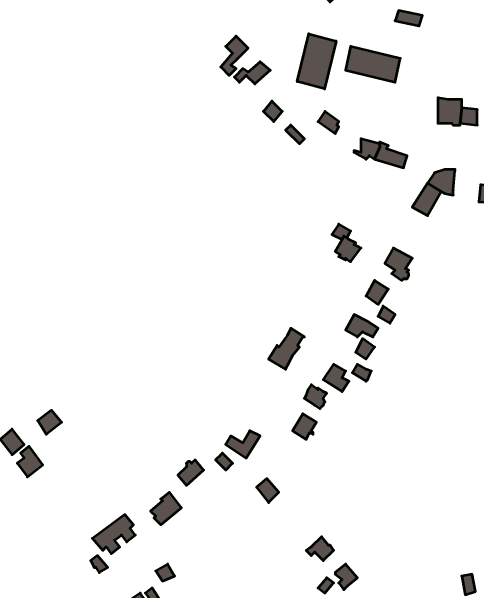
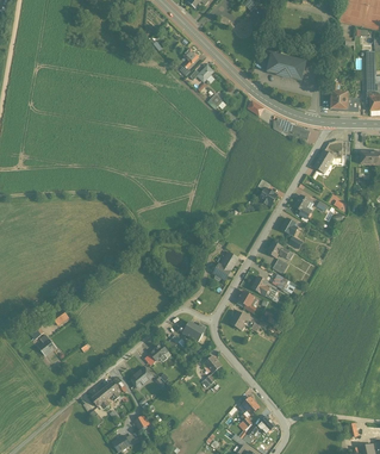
building: [297,34,336,89] -> none

